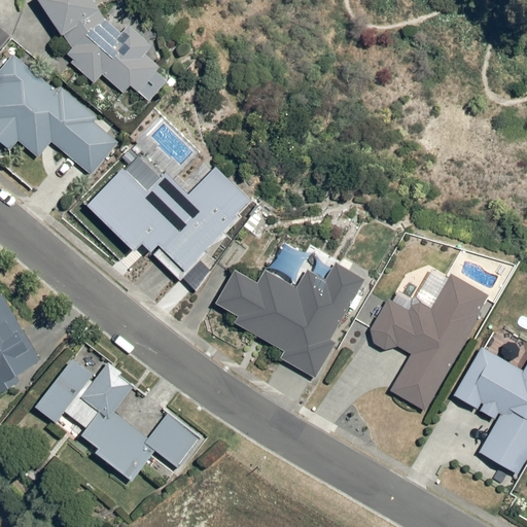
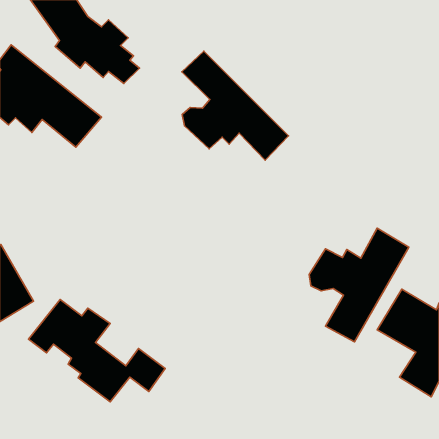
building: none -> [182,51,289,160]
building: [84,166,252,271] -> none
building: [214,262,364,377] -> none

